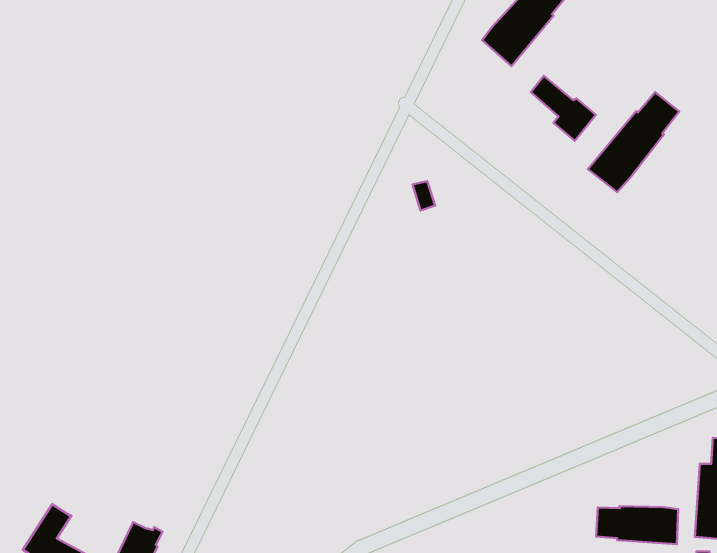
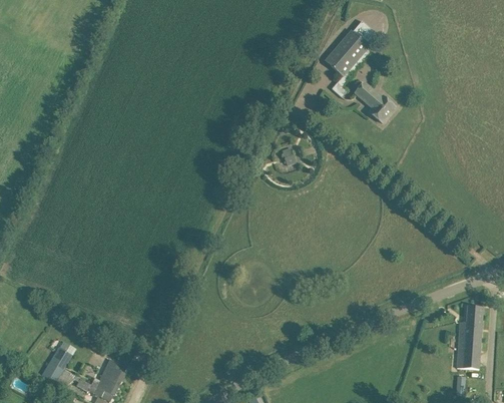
building: [588,92,679,192] -> none
building: [596,506,678,544] -> none

